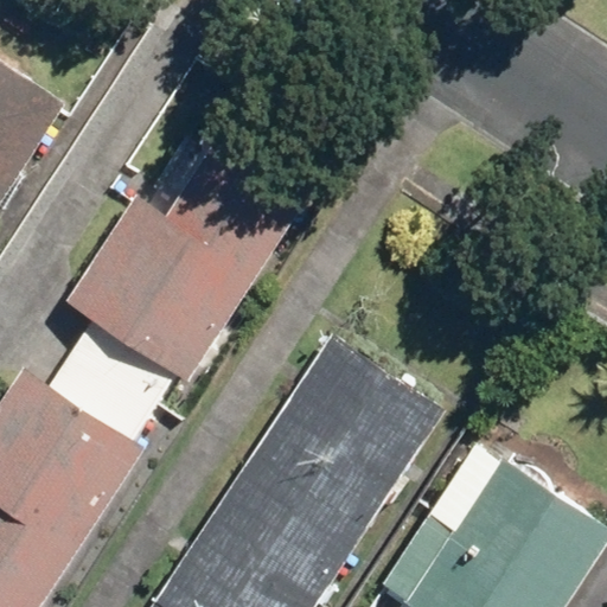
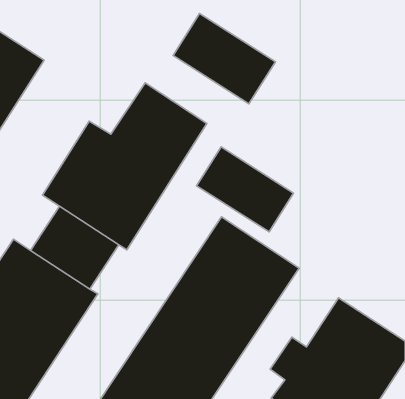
building: none -> [173,14,275,104]
building: none -> [197,147,294,232]

